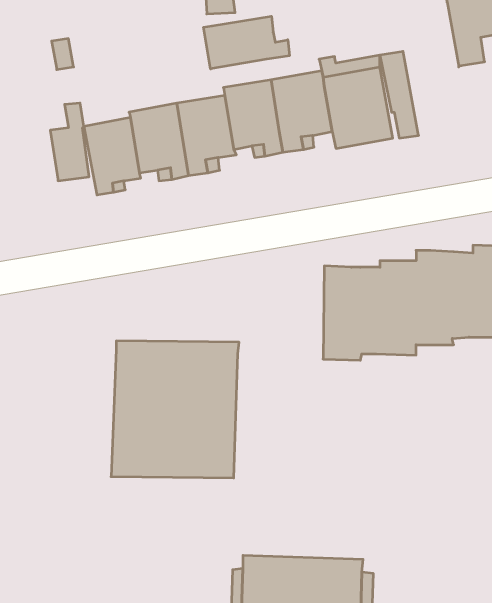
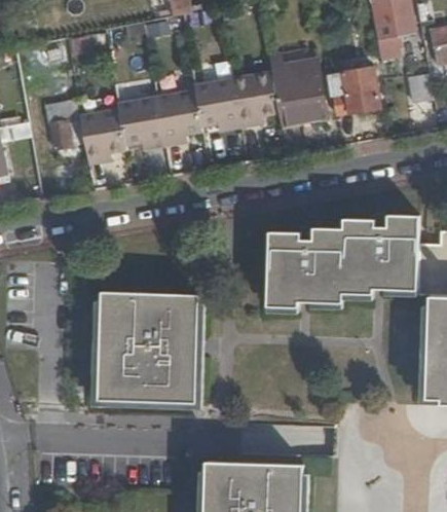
building: [204,16,289,69] -> none
building: none -> [339,74,377,122]
building: none -> [90,294,207,405]

